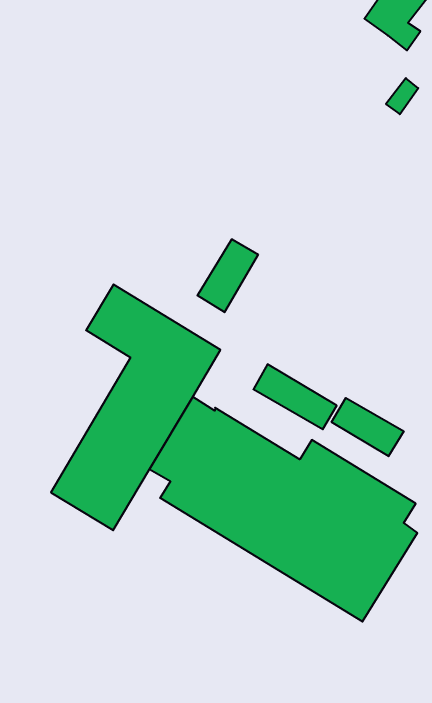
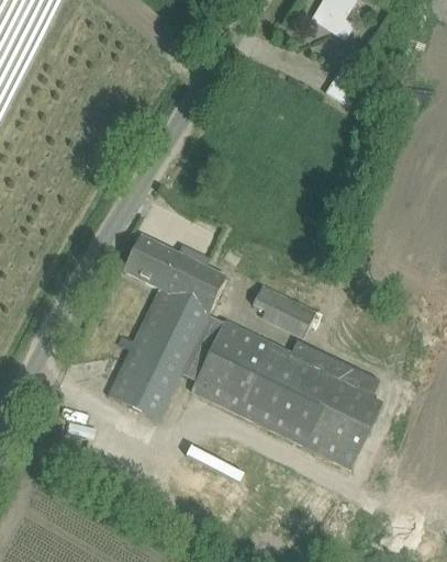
building: [197,239,258,312] -> none
building: [332,398,404,456] -> none

